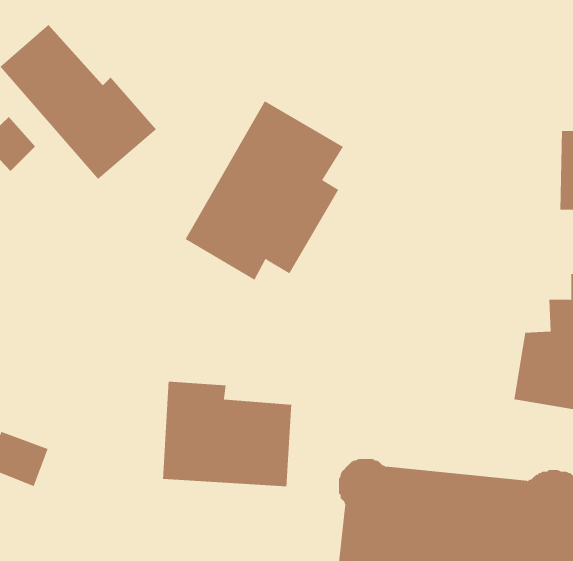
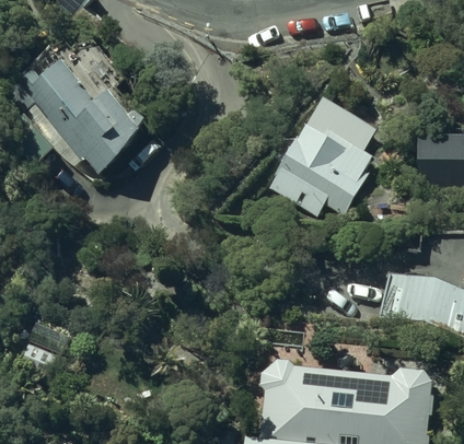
building: [185,101,344,280] -> [266,94,375,218]
building: [163,381,292,487] -> none

